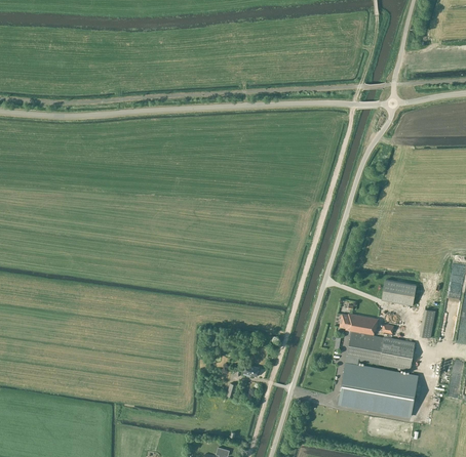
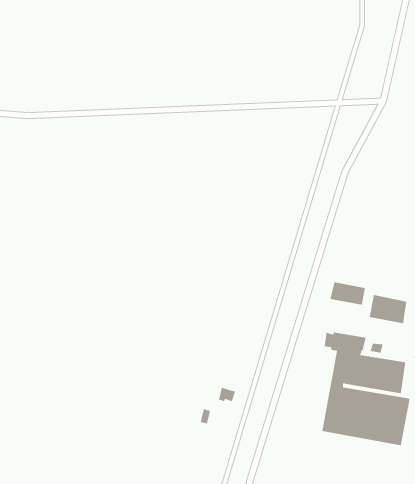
building: none -> [330,282,365,306]

